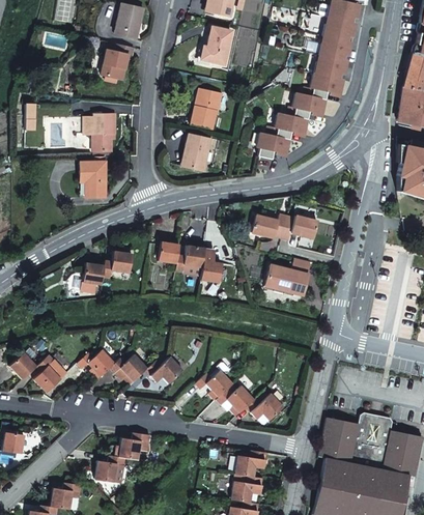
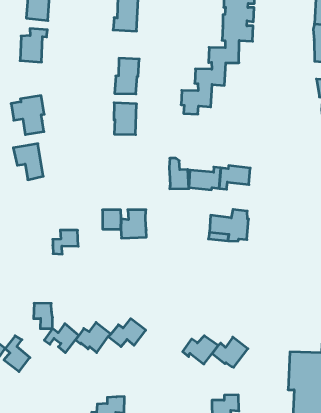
building: [199,248,221,282] -> [169,158,189,189]
building: [82,265,103,294] -> [34,303,53,329]
building: [195,370,233,401] -> none

